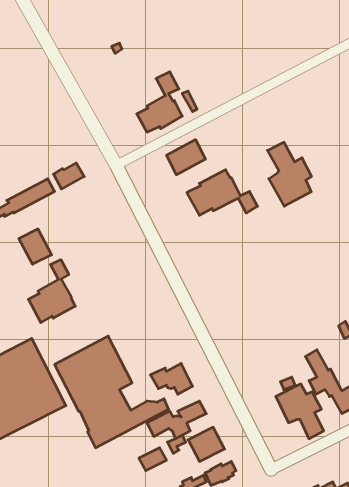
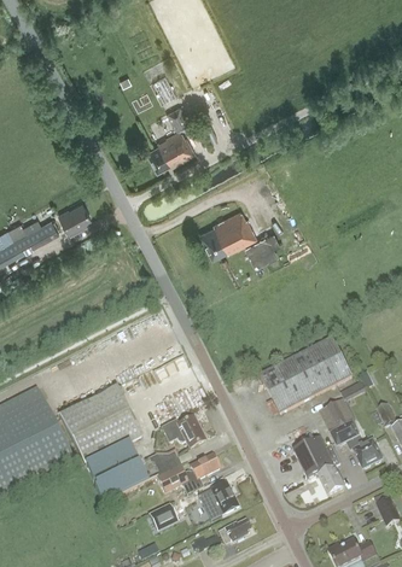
building: [167,140,205,175] -> none
building: [267,142,311,206] -> none
building: [19,229,52,264] -> none
building: [28,260,75,323] -> none
building: none -> [260,335,353,411]

